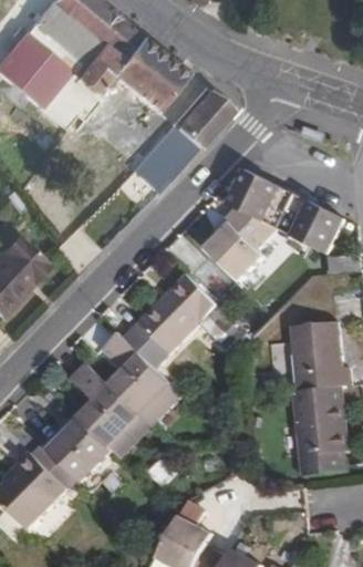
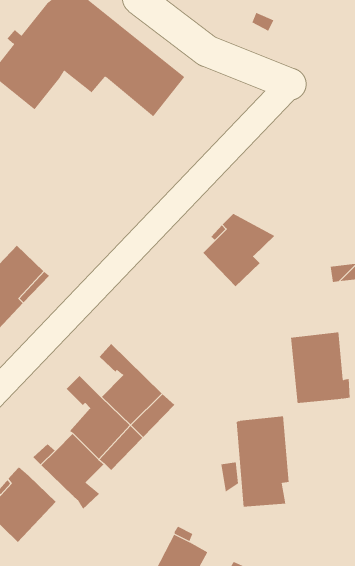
building: [126,93,230,193] -> none
building: [228,171,342,255] -> none
building: [127,274,249,364] -> none
building: [293,388,345,476] -> [236,416,289,507]

